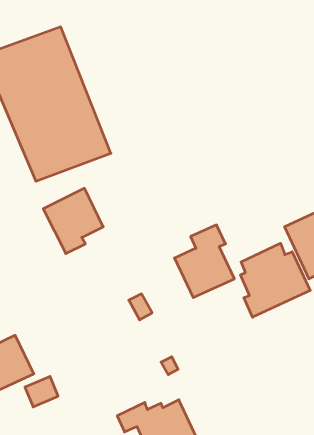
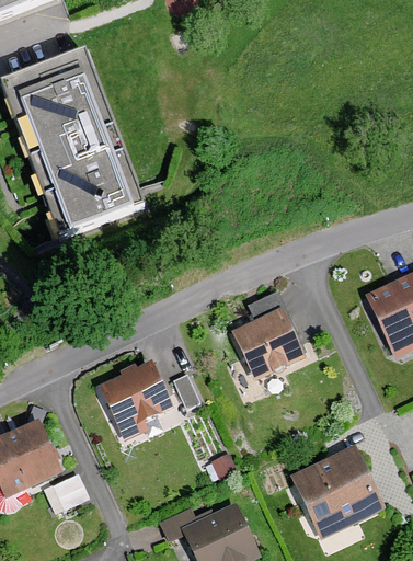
building: [43,188,103,254] -> [96,360,170,440]
building: [241,243,310,317] -> none
building: none -> [290,445,383,539]

